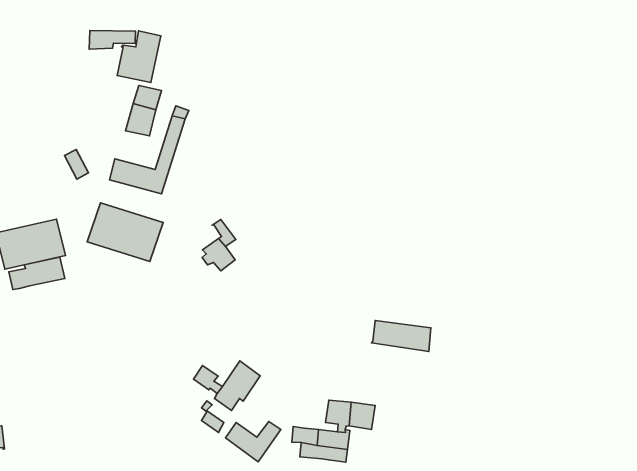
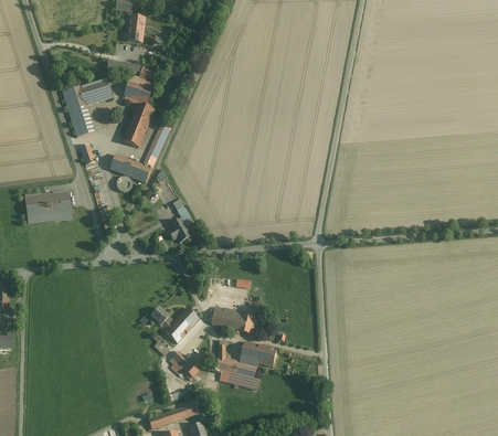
building: none -> [62,78,113,136]
building: [87,203,163,262] -> none
building: [9,257,65,289] -> none
building: [372,320,431,351] -> [215,308,258,334]

